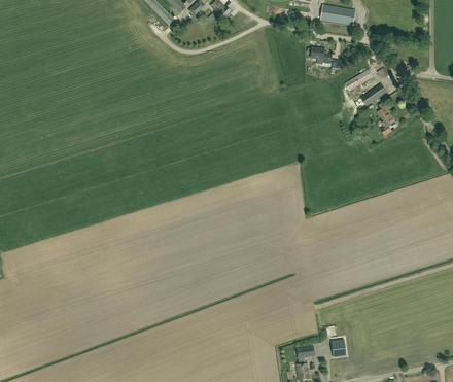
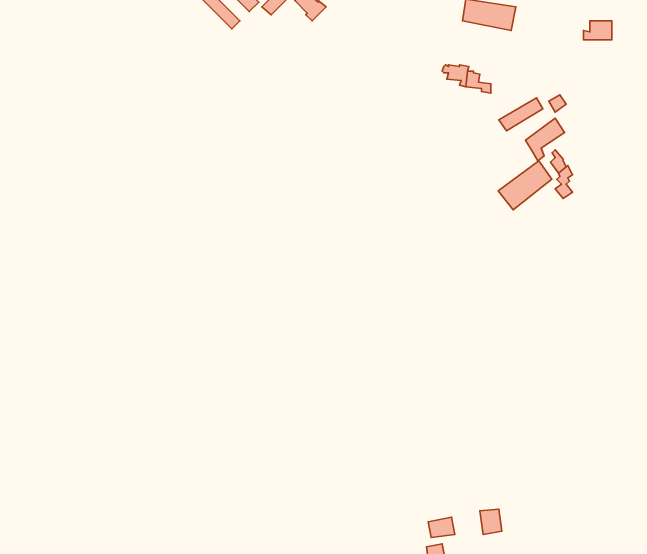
building: none -> [498,161,552,210]

